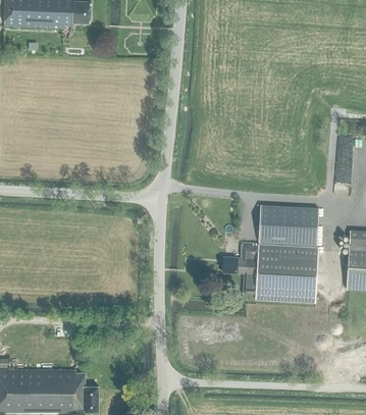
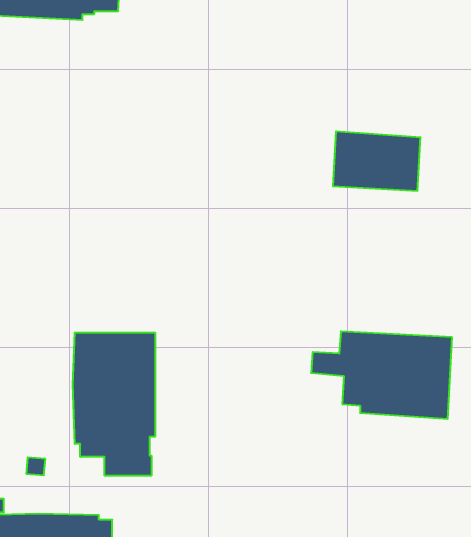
building: [258,204,318,245] -> [333,131,421,191]
building: none -> [73,333,155,476]

